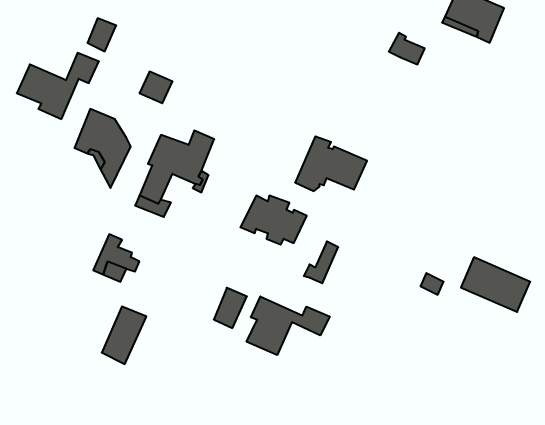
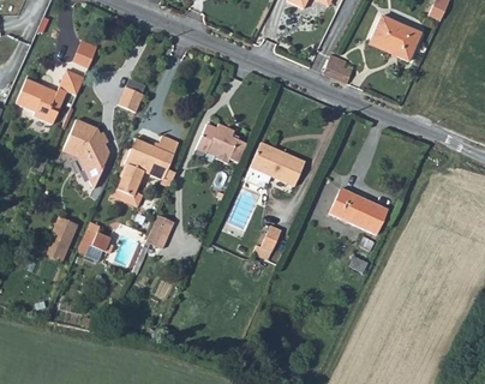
building: [240,196,307,245] -> [193,121,249,162]
building: [461,257,530,312] -> [330,187,388,233]
building: [214,288,247,328] -> [146,215,174,248]
building: [247,296,330,355] -> none
building: [102,306,146,364] -> [42,216,79,264]

